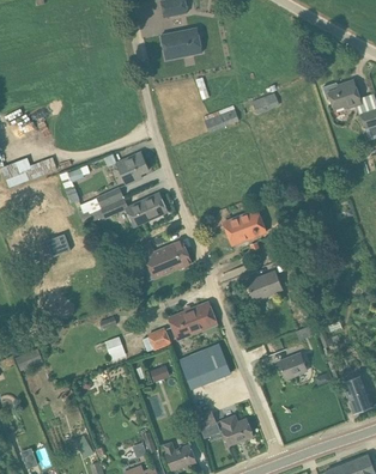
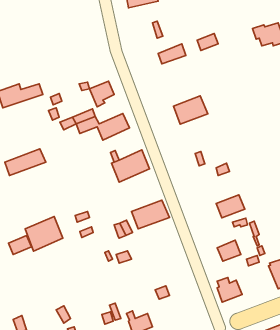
building: [223,208,266,244] -> [173,96,208,124]
building: [245,271,281,299] -> [216,195,245,218]
building: none -> [25,217,63,251]
building: [180,342,230,388] -> none
building: [222,414,253,445] -> [217,277,242,302]

